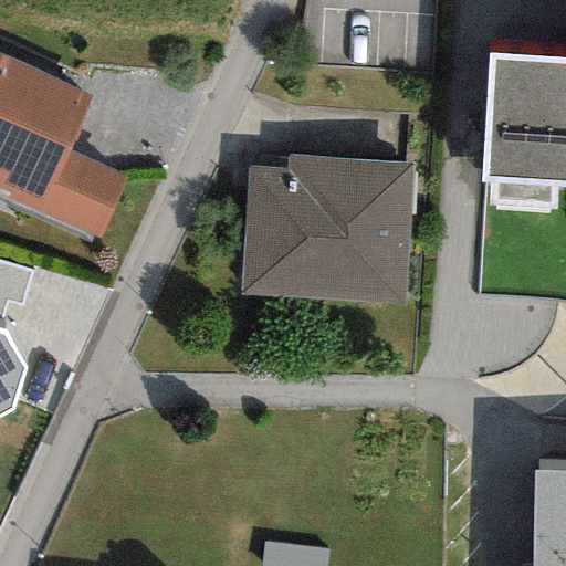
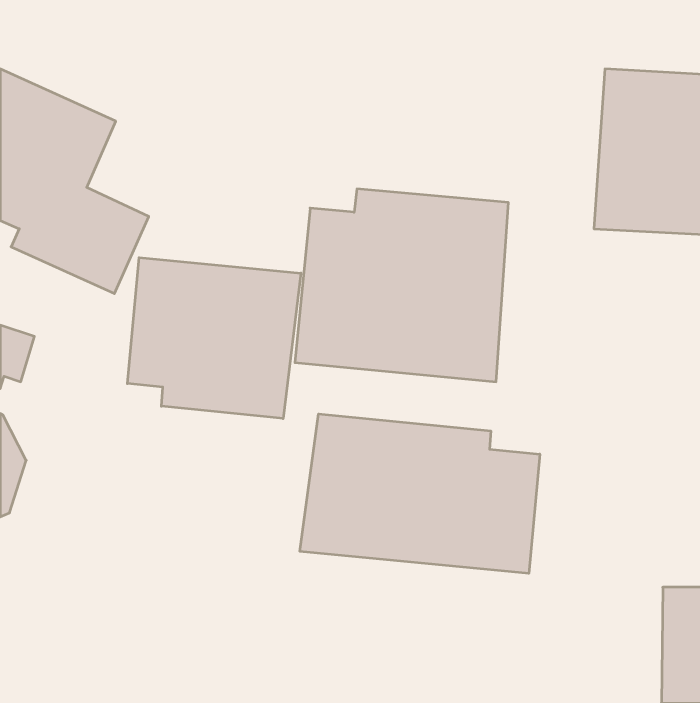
building: none -> [127,258,301,419]
building: none -> [300,414,540,573]

